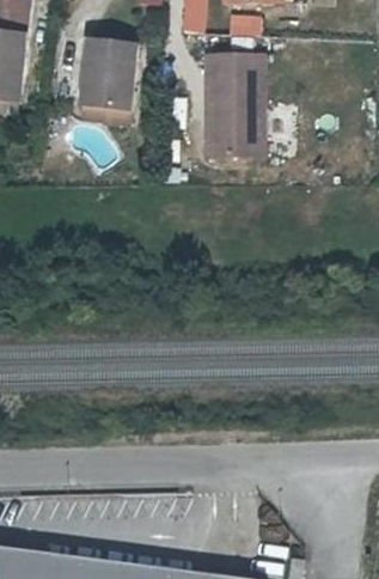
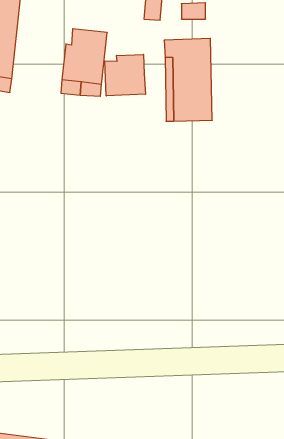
building: none -> [105,54,145,96]

